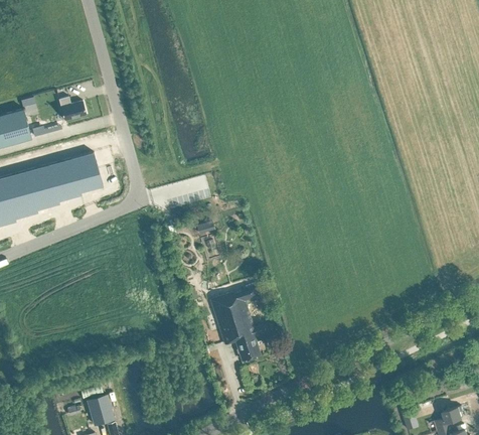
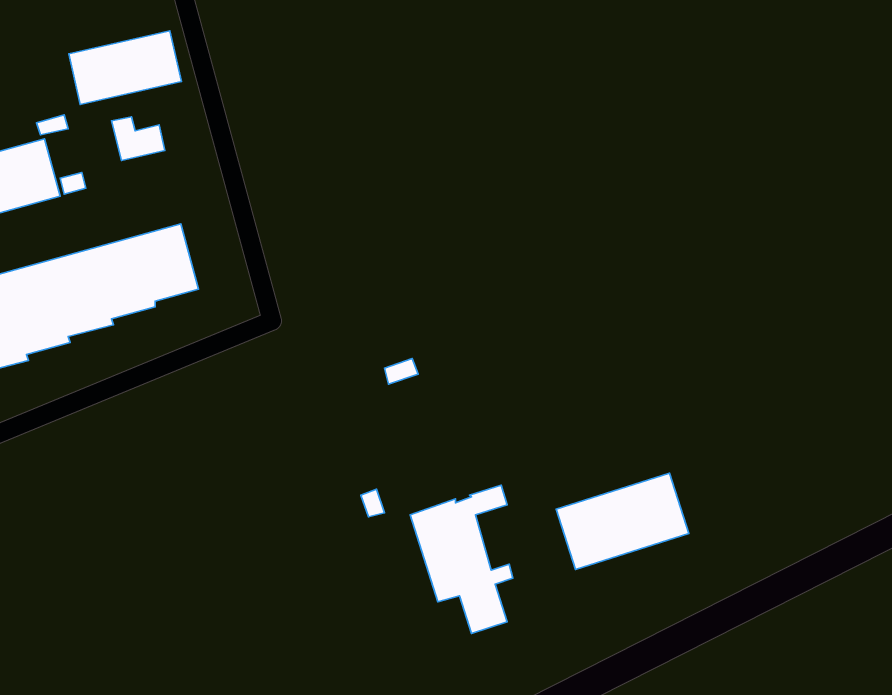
building: none -> [69,31,182,104]
building: none -> [556,473,689,570]

